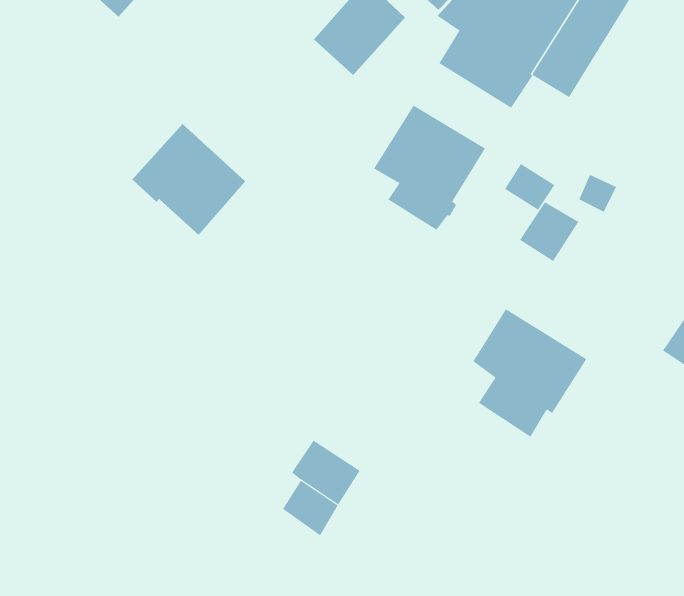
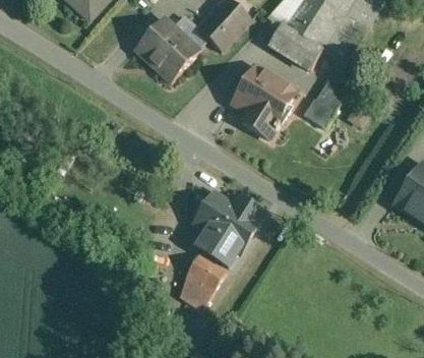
building: [132,123,246,236] -> [134,17,198,80]
building: [519,202,579,262] -> [314,78,348,112]
building: [473,308,587,438] -> [194,193,258,265]

